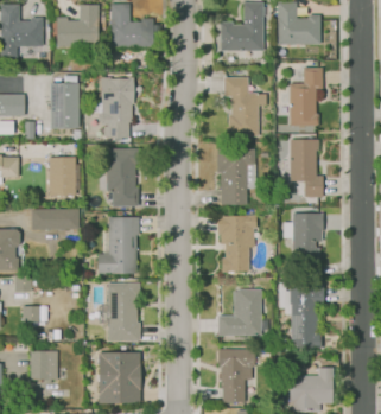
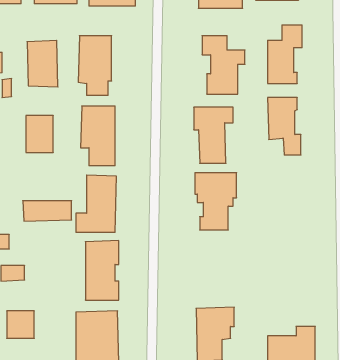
building: [31,210,80,230] -> [23,201,72,221]
building: [293,215,323,262] -> none
building: [291,287,324,349] -> none
building: [218,289,262,336] -> none

